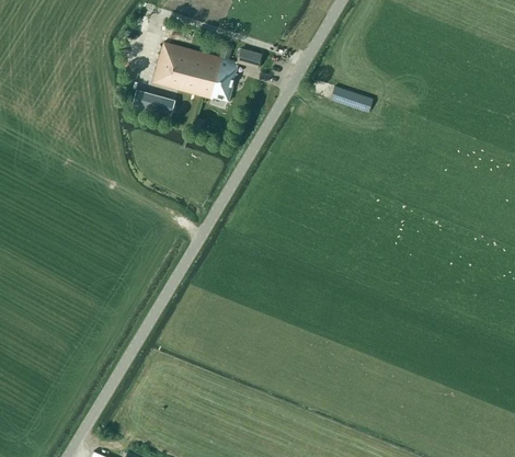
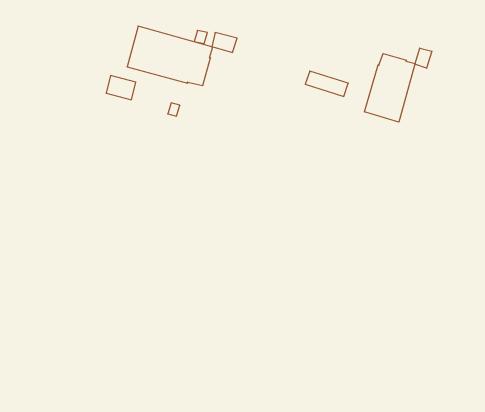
building: none -> [365,48,432,122]

